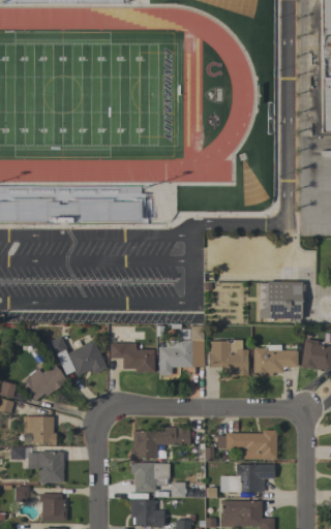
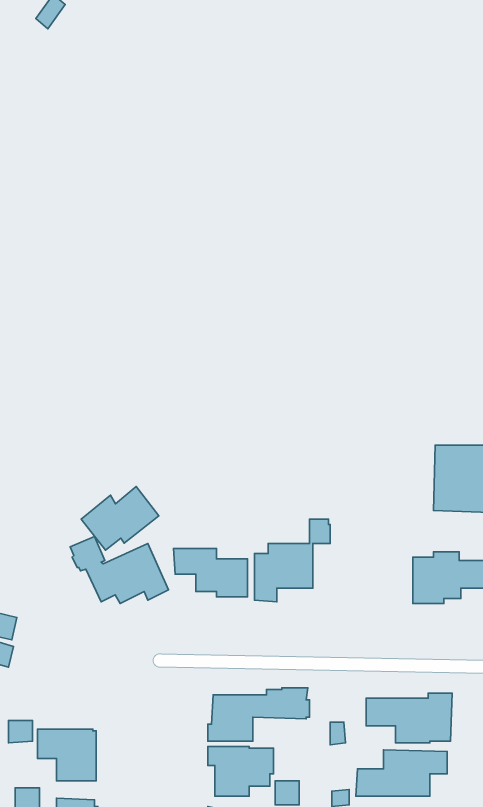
building: [208,340,248,376] -> none
building: [21,363,67,401] -> [81,487,159,550]
building: [32,416,56,444] -> none

